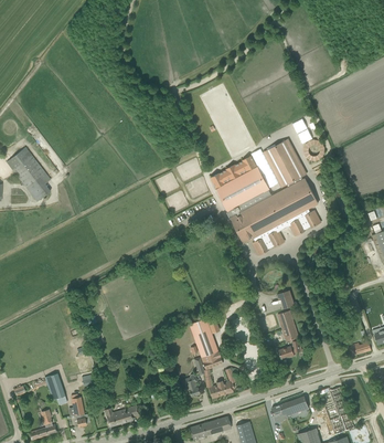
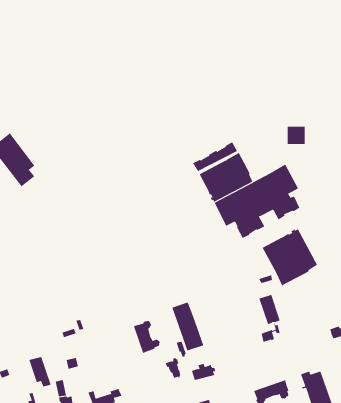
building: [265,139,305,187] -> none
building: none -> [262,228,318,286]
building: none -> [133,320,161,354]

